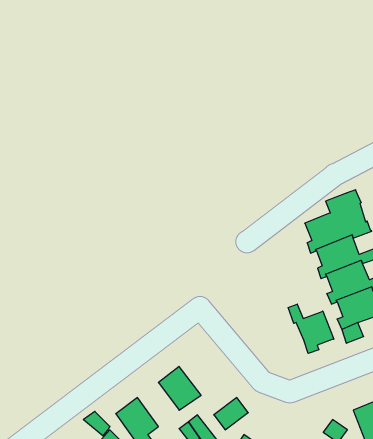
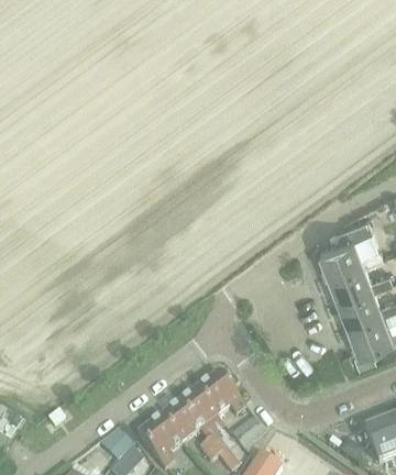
building: [288,304,334,353] -> none
building: none -> [198,371,245,413]
building: none -> [158,401,198,443]

